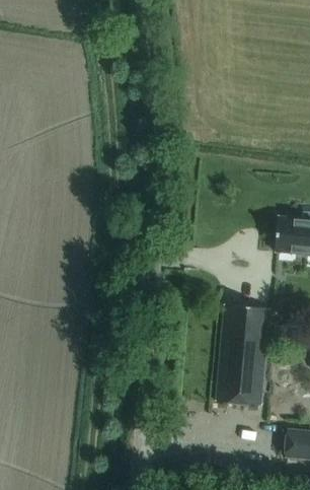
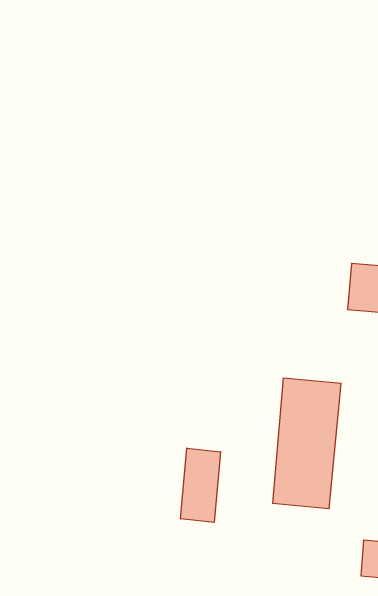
building: none -> [181,448,221,522]

